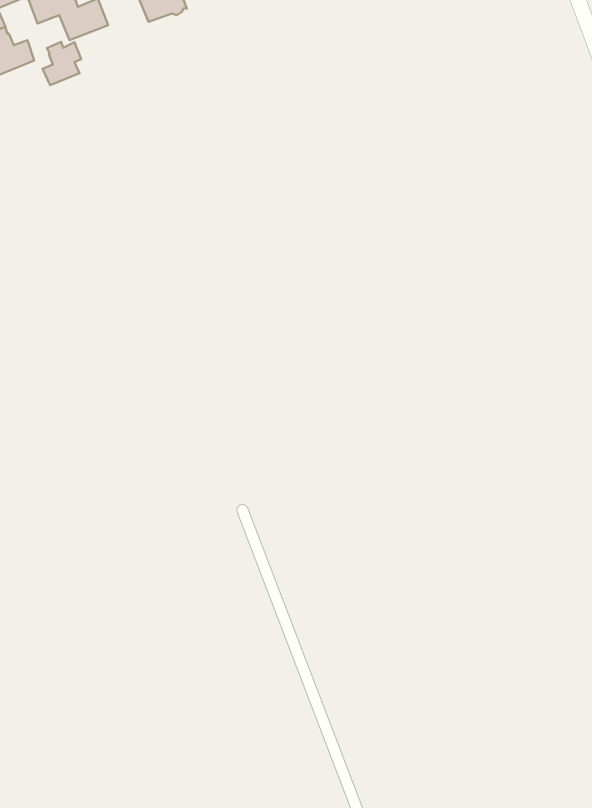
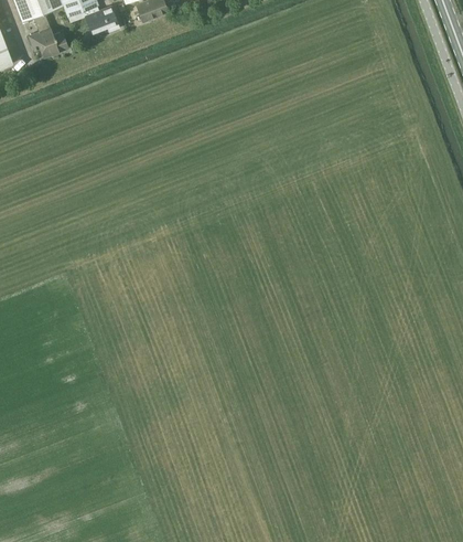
building: [42,42,81,85] -> none

